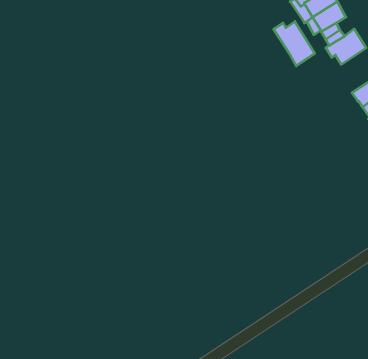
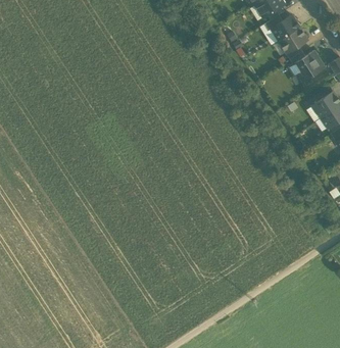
building: [274,21,315,66] -> none

